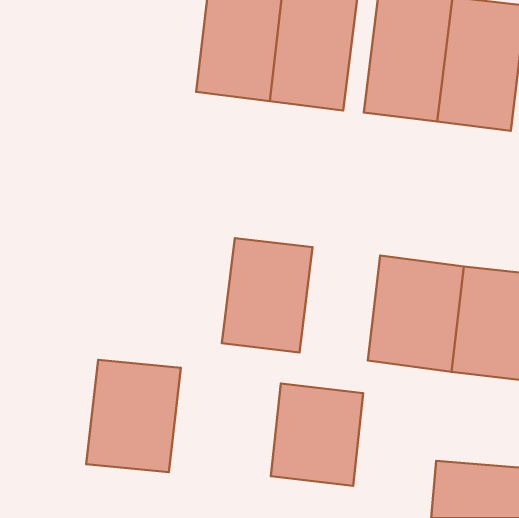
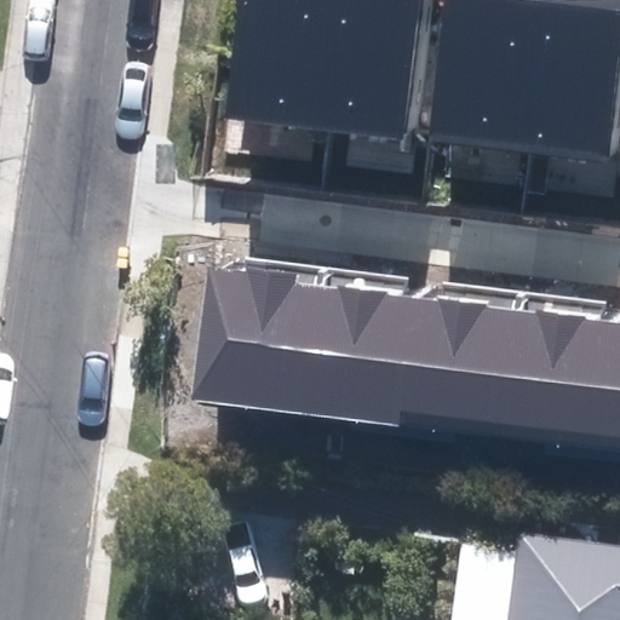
building: none -> [184,272,282,407]
building: none -> [358,293,454,427]
building: [86,360,181,472] -> none
building: [271,383,363,486] -> none

